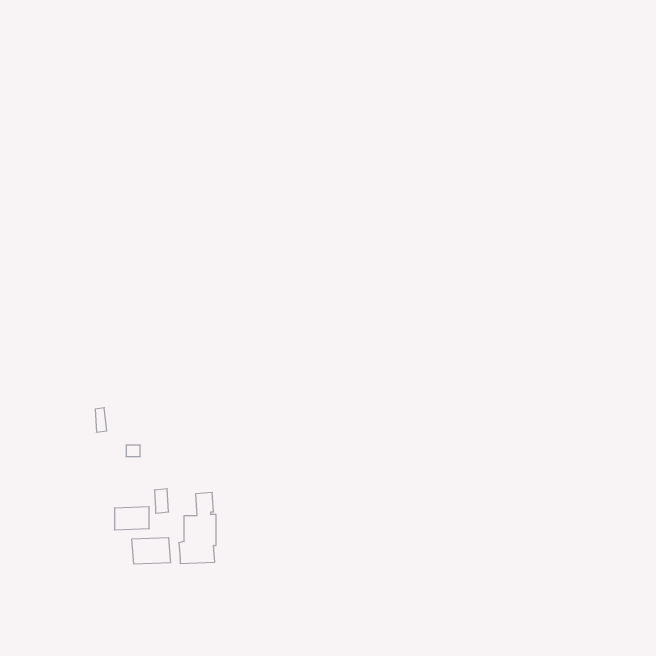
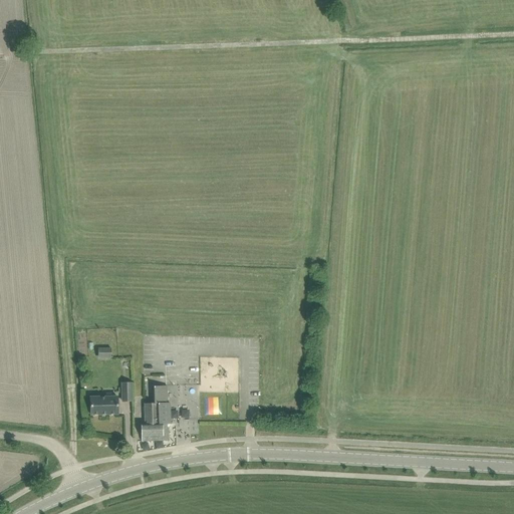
building: [132,538,170,564] -> none

